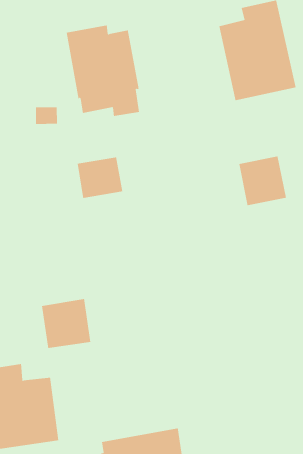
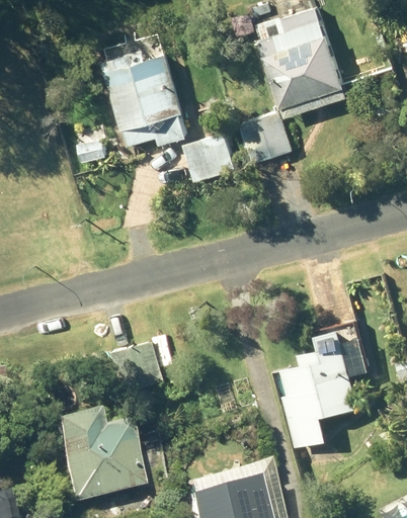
building: [238,156,287,206] -> [239,110,293,165]
building: [77,157,123,198] -> [183,133,234,179]
building: none -> [279,315,367,444]

